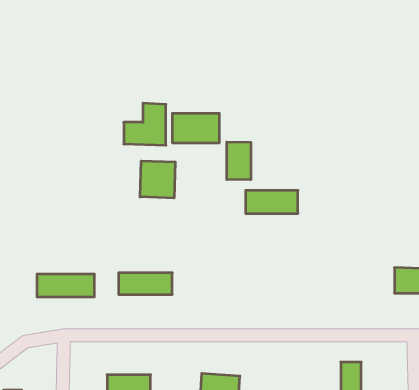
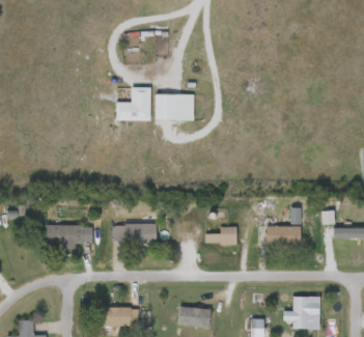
building: [227,142,251,180] -> none
building: [140,161,175,198] -> none
building: [246,190,298,213] -> [258,226,301,245]
building: none -> [204,227,236,245]

